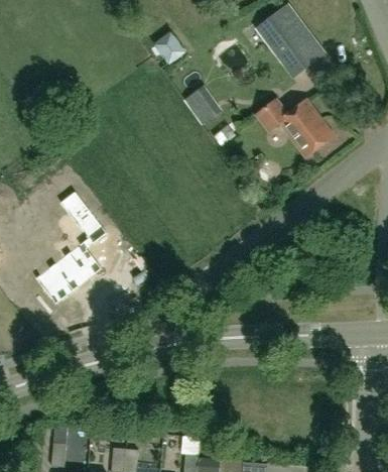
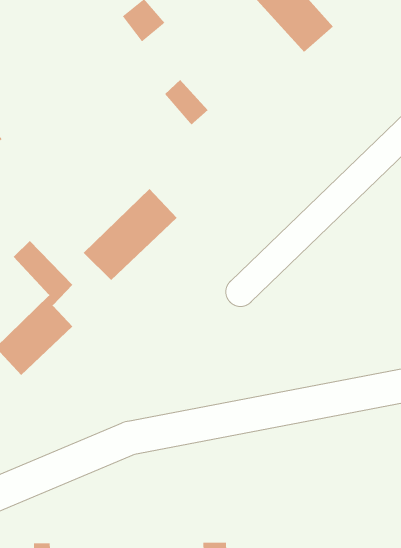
building: [257,100,334,157] -> none
building: none -> [83,188,177,281]

